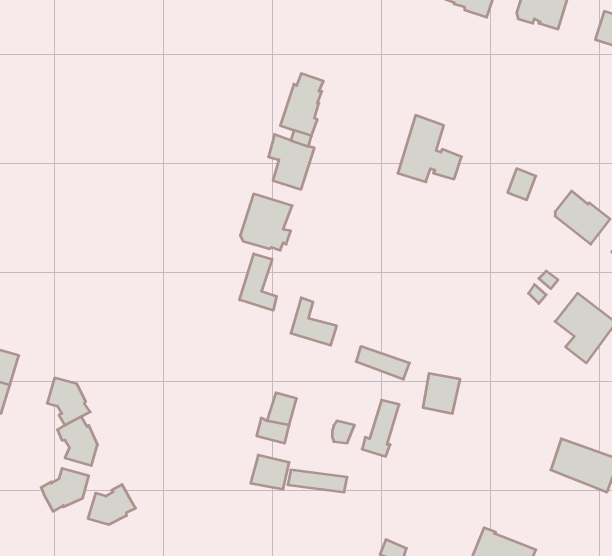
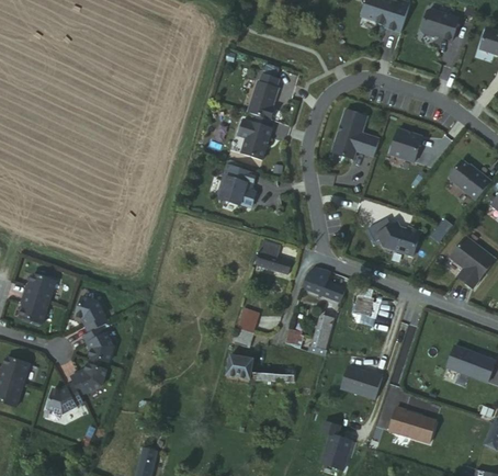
building: none -> [391,124,423,157]
building: [240,254,277,310] -> none
building: none -> [376,223,421,256]
building: none -> [340,366,382,399]
building: [88,484,136,524] -> [47,385,82,415]

